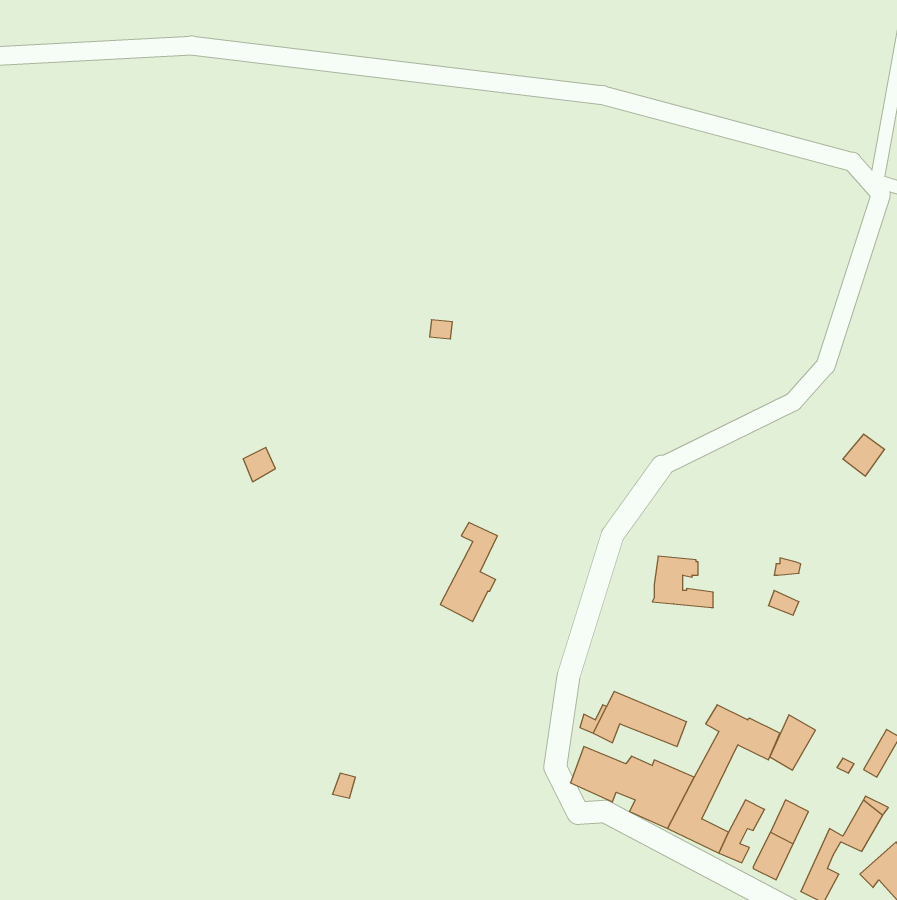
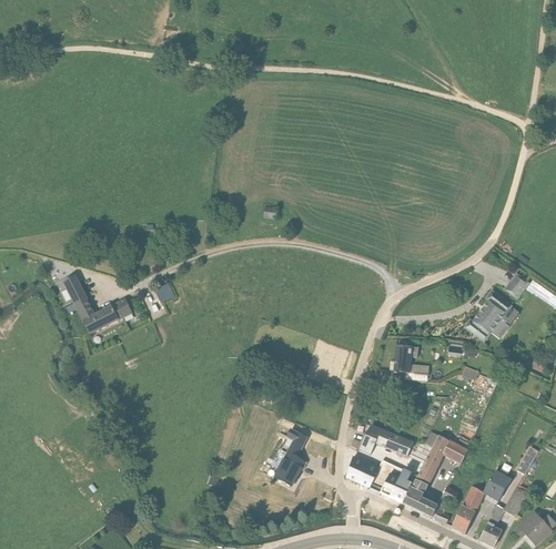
building: none -> [61,275,131,332]
building: none -> [464,292,518,342]
building: [440,522,497,622] -> [273,428,306,486]
building: [770,715,815,770] -> [484,469,510,501]

